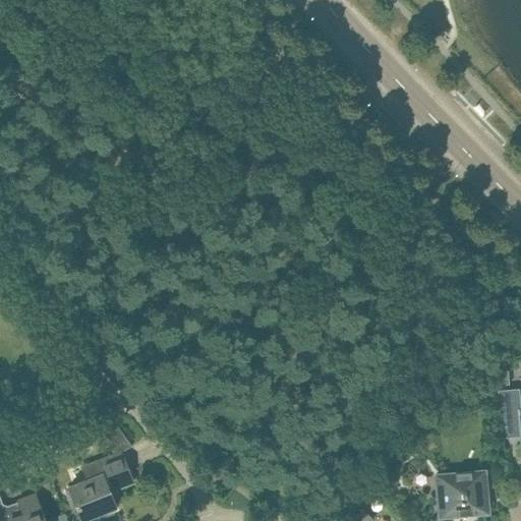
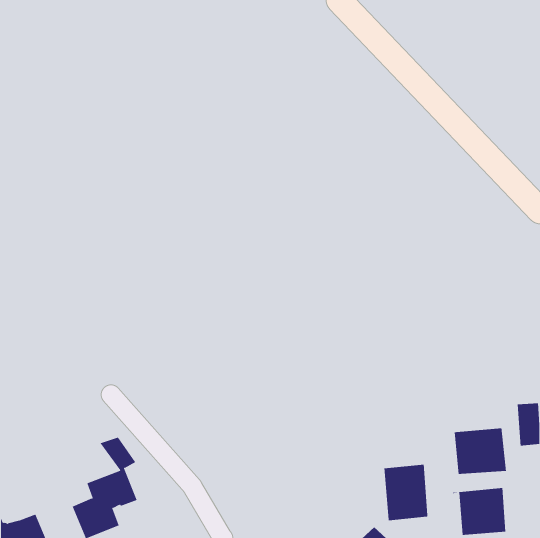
building: none -> [448,427,506,475]
building: none -> [384,464,428,527]

